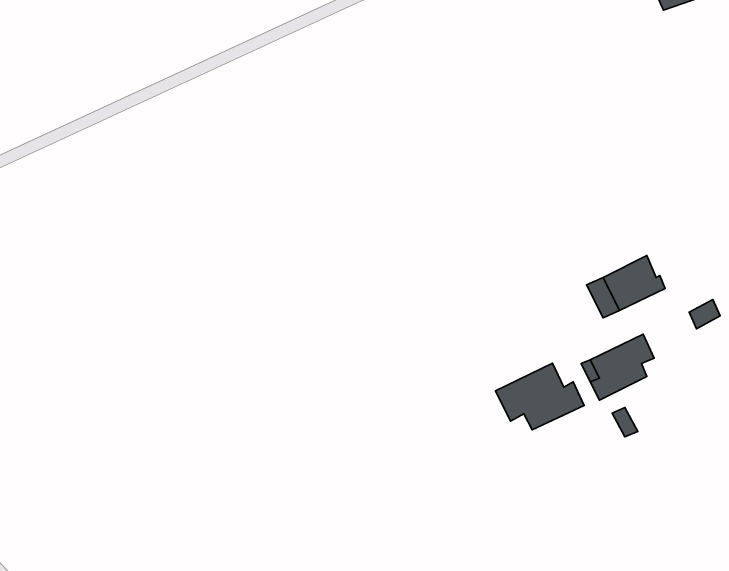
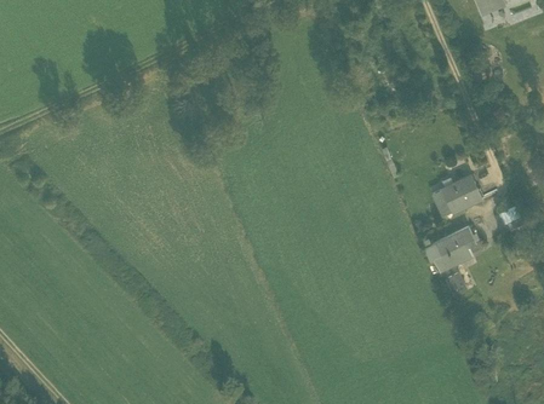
building: [495,363,584,430] -> none

